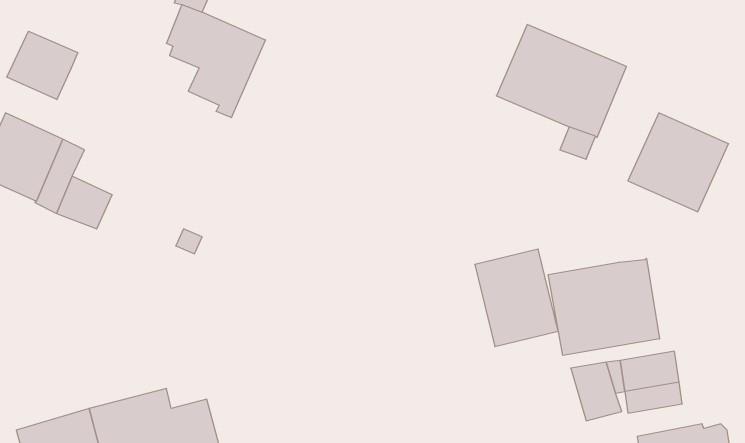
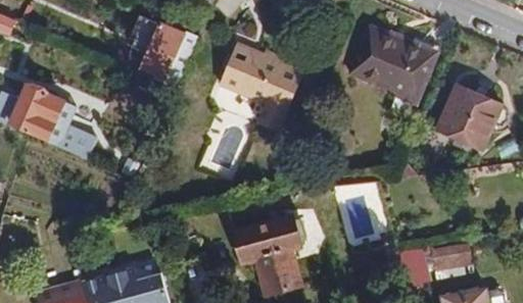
building: [7,31,78,100] -> none
building: none -> [219,33,303,127]
building: [548,258,660,355] -> none
building: none -> [233,214,301,294]

